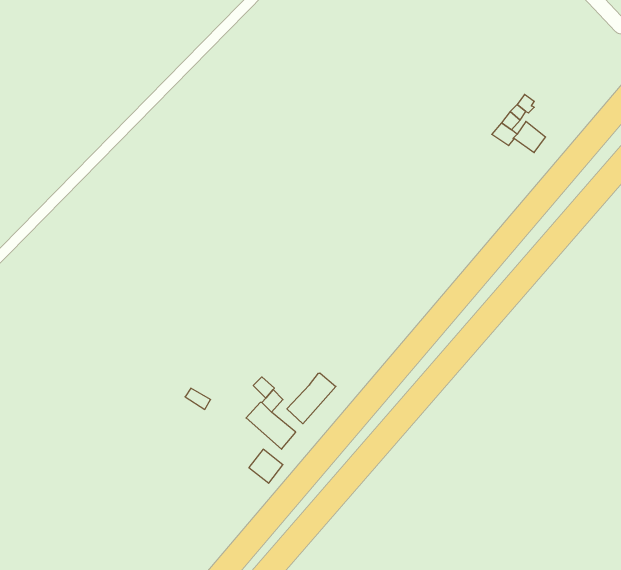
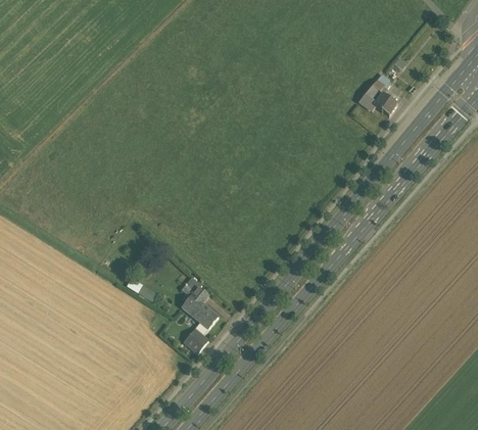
building: [287,373,336,424] -> none

